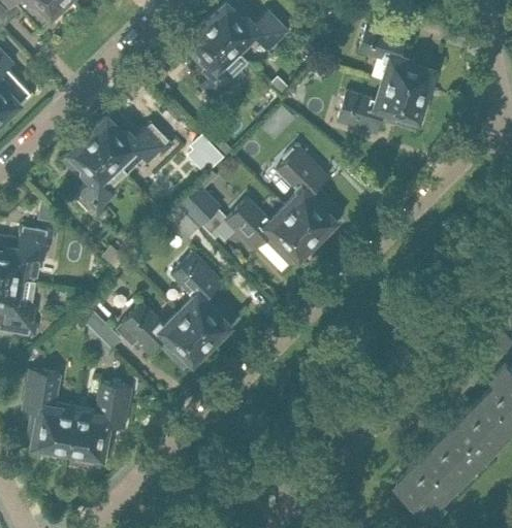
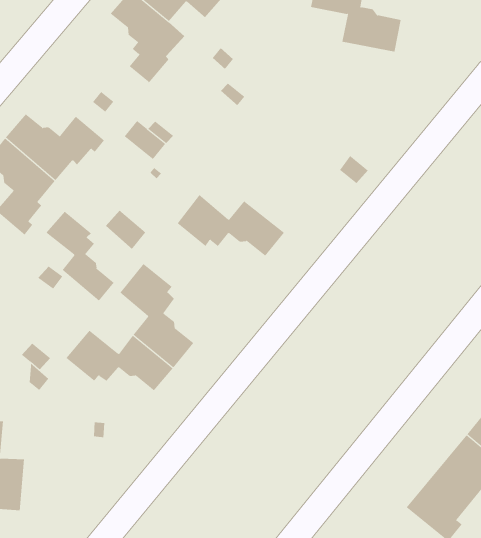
building: [335,84,425,132] -> none
building: [277,150,334,240] -> none
building: [179,186,220,227] -> none
building: none -> [46,211,114,302]
building: [67,383,131,460] -> none

